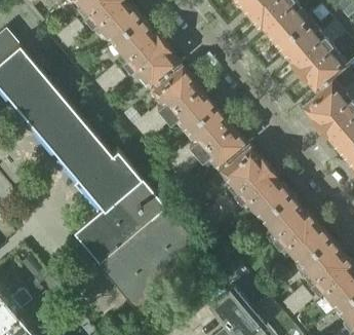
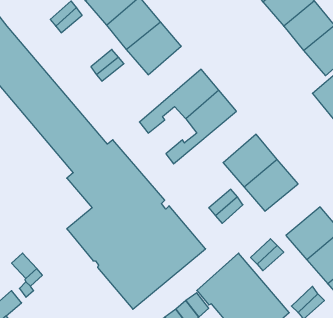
building: [133,64,198,133] -> none
building: [172,122,247,181] -> none
building: [258,190,309,238] -> none

